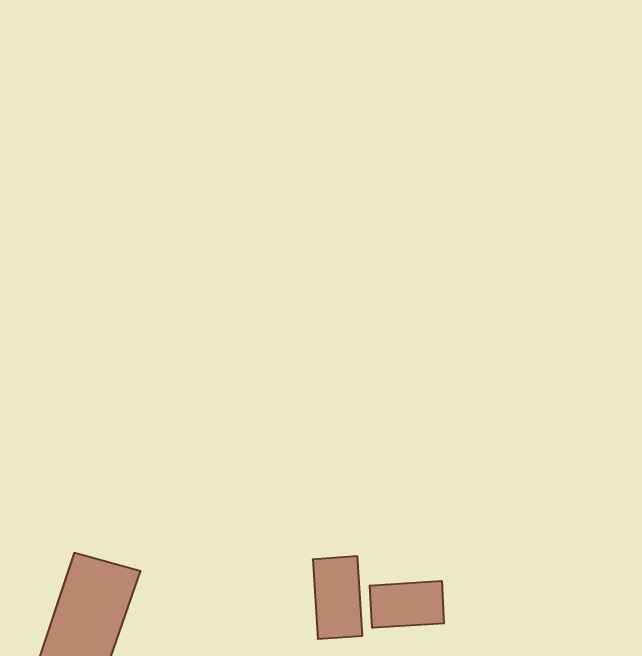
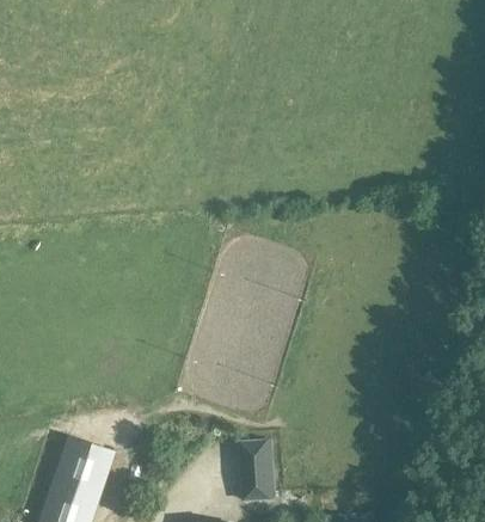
building: [370,581,444,628] -> none

